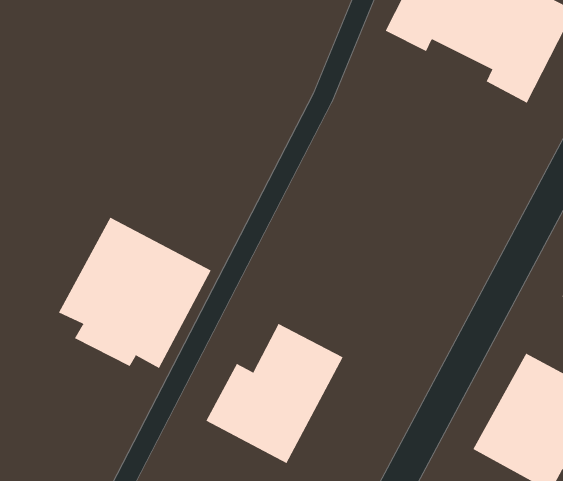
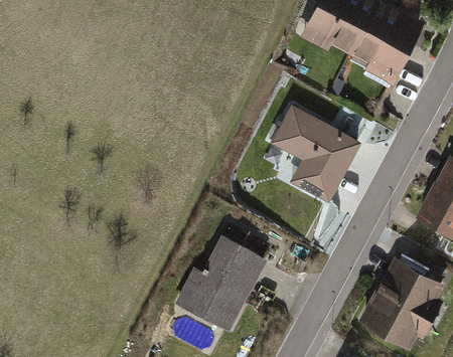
building: none -> [271,105,360,202]
building: [58,217,212,369] -> none

